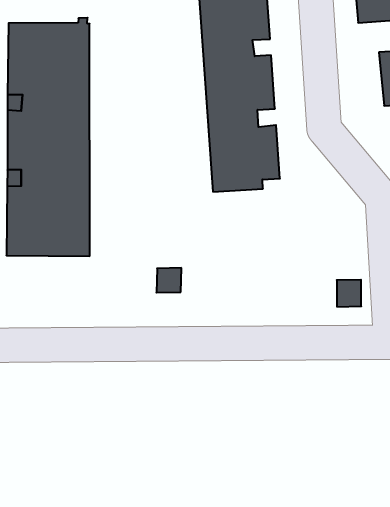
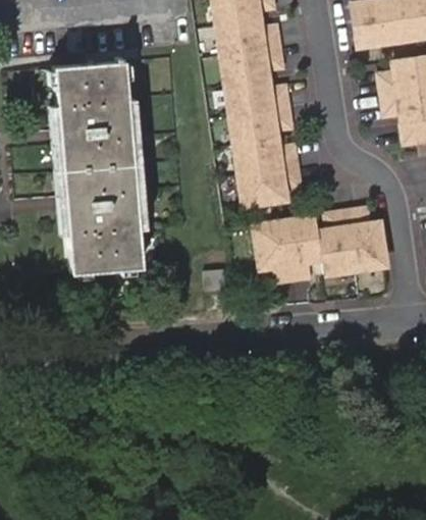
building: none -> [254,210,389,284]

